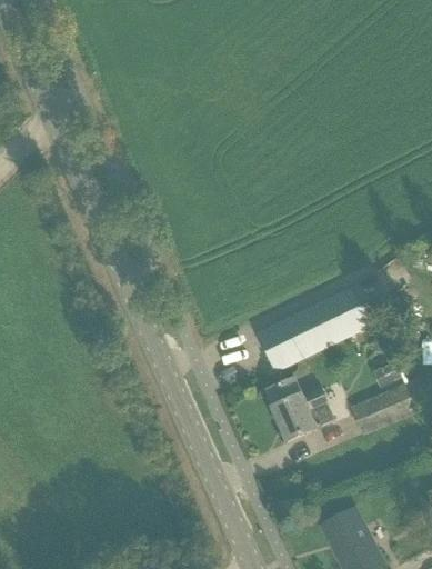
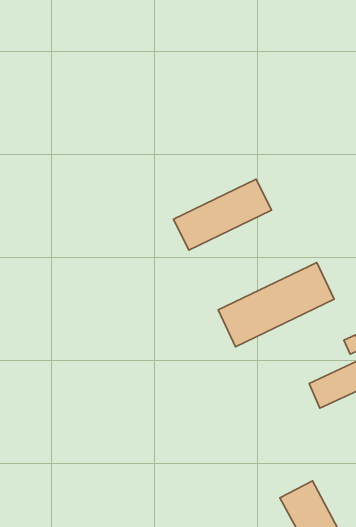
building: none -> [173,179,272,250]
building: [265,378,333,442] -> none

